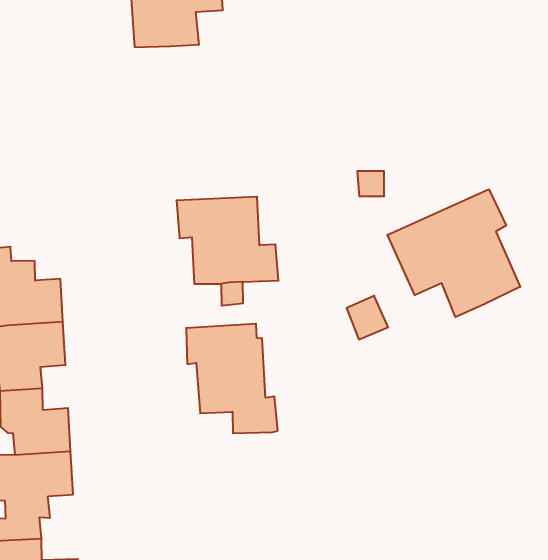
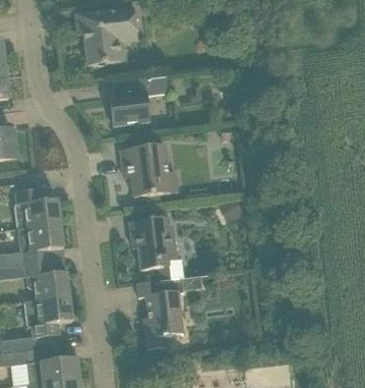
building: none -> [109,75,168,126]
building: [387,189,520,317] -> none
building: none -> [135,278,183,348]

